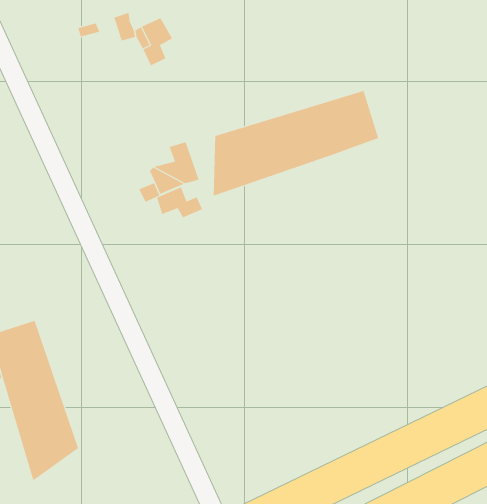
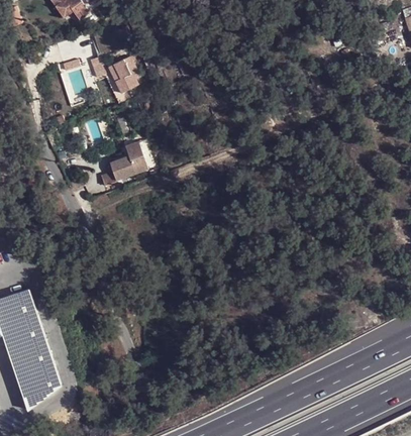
building: [213,90,379,196] -> none
building: [157,186,203,218] -> none

